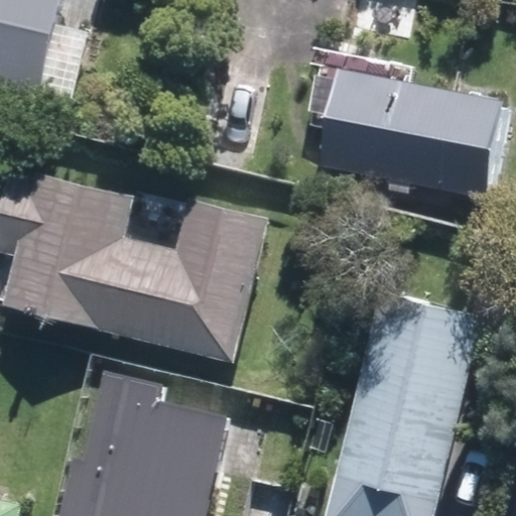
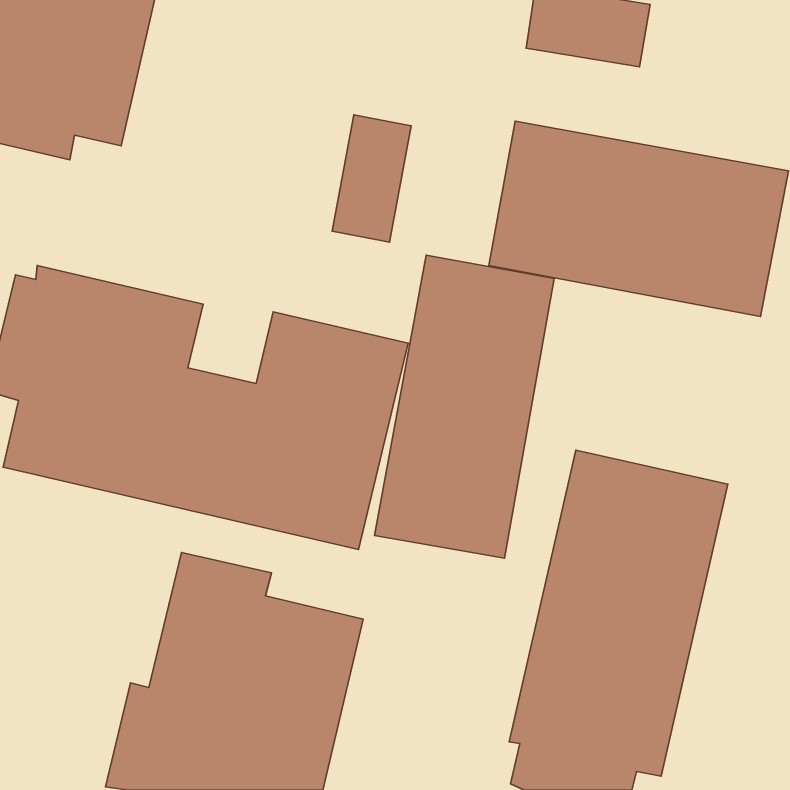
building: none -> [375,255,554,558]

